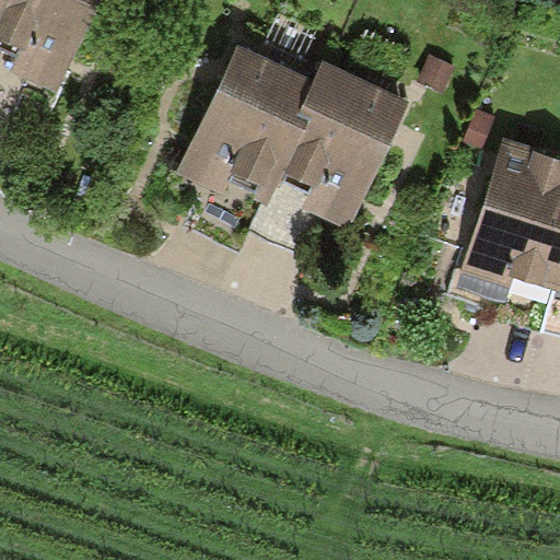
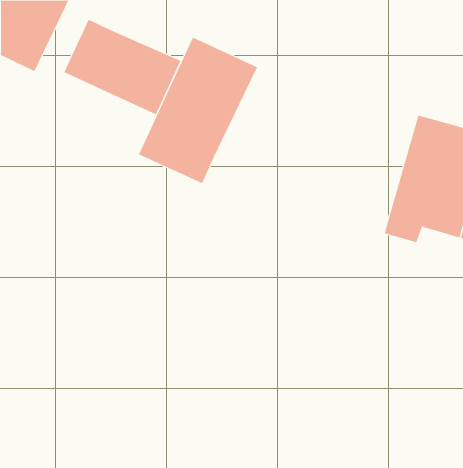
building: none -> [64,19,181,115]
building: [264,61,400,225] -> none

